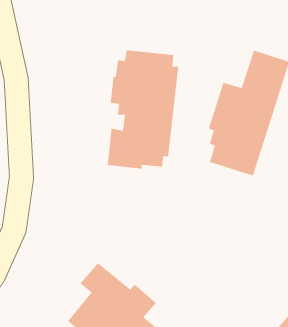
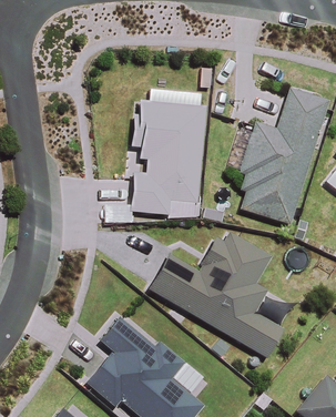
building: none -> [150,233,284,357]

